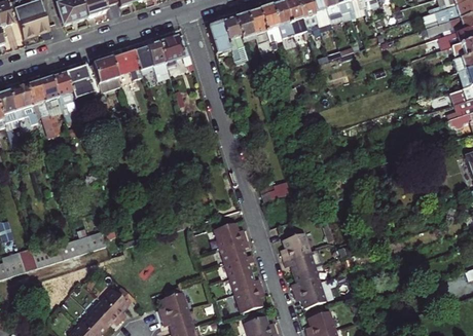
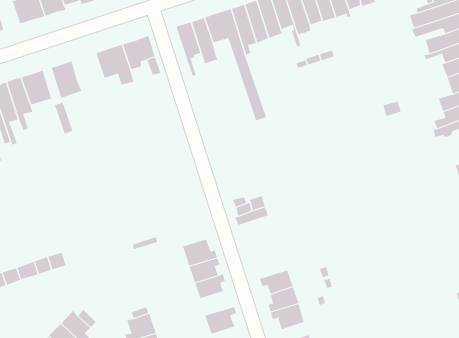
building: [111,50,142,78] -> none
building: [282,232,311,259] -> none
building: [229,270,261,293] -> none

